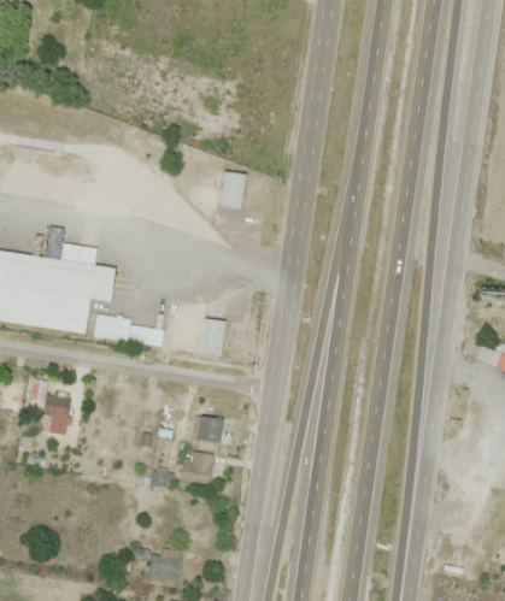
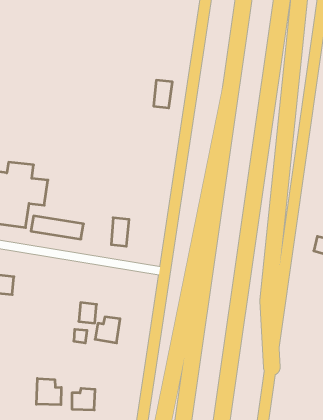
building: [221,171,246,208] -> [154,80,172,108]
building: [198,416,222,443] -> [79,303,97,323]
building: none -> [36,378,61,405]

